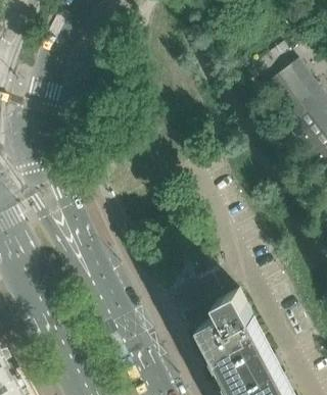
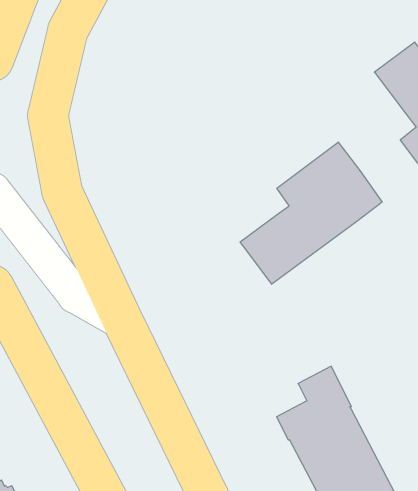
building: none -> [240,142,382,284]

